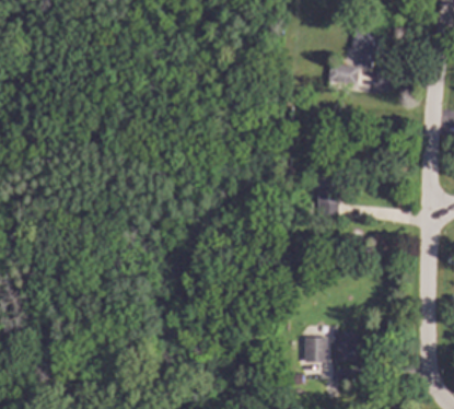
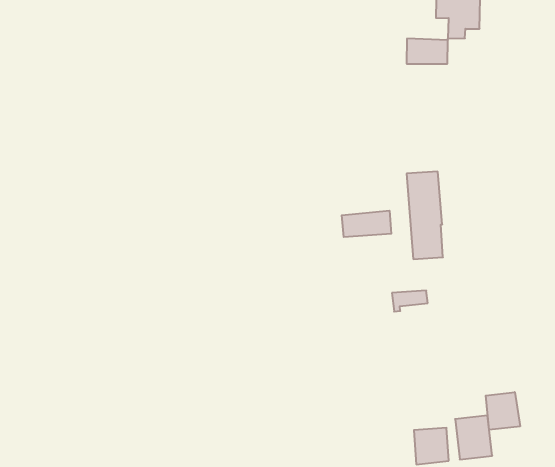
building: none -> [342,211,391,237]
building: none -> [486,392,520,430]

